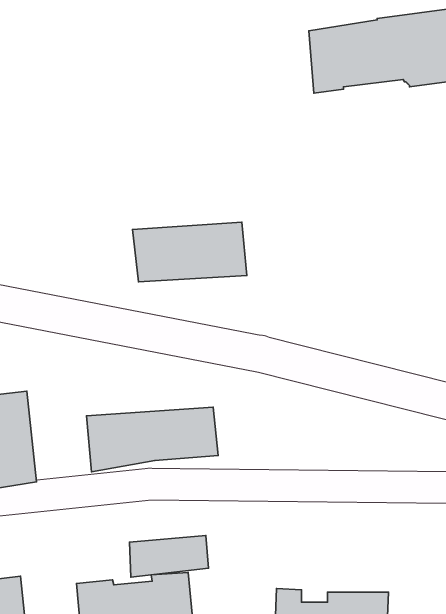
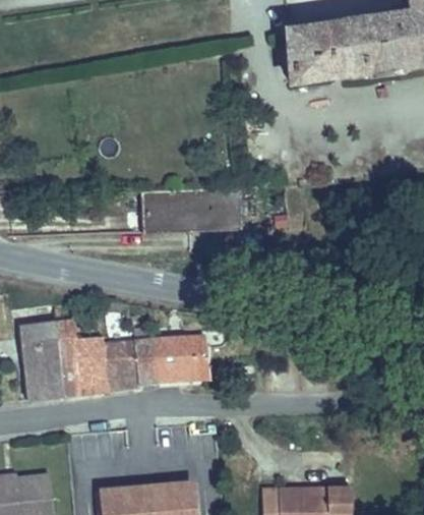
building: none -> [55,325,108,399]
building: [130,535,209,577] -> none

